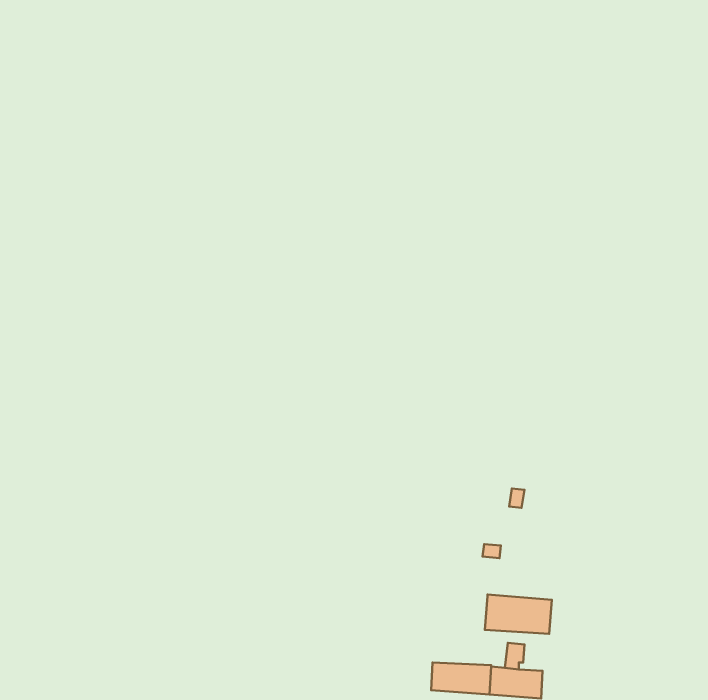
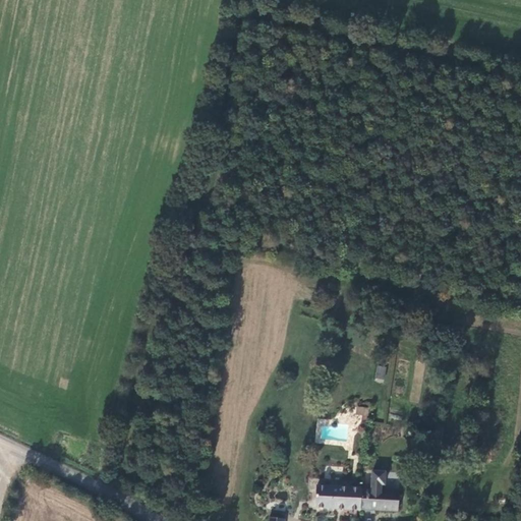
building: [485,594,552,634] -> none

